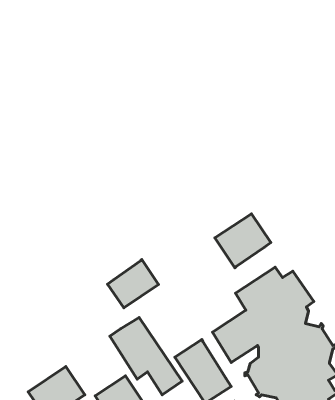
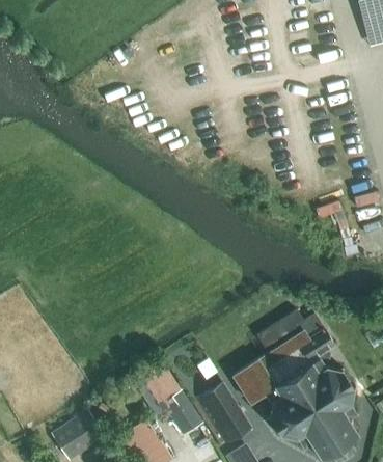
building: [215,214,271,268] -> none
building: [107,259,159,308] -> none

